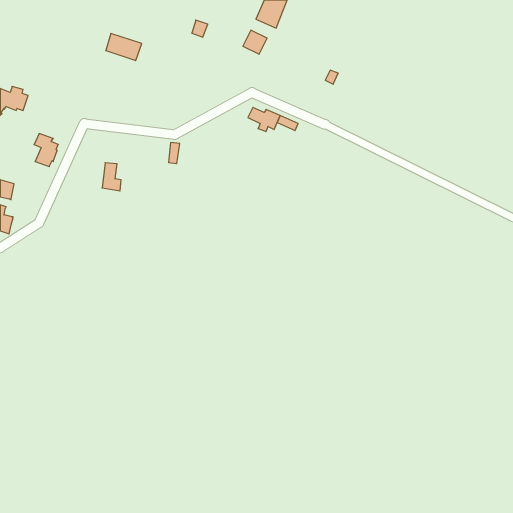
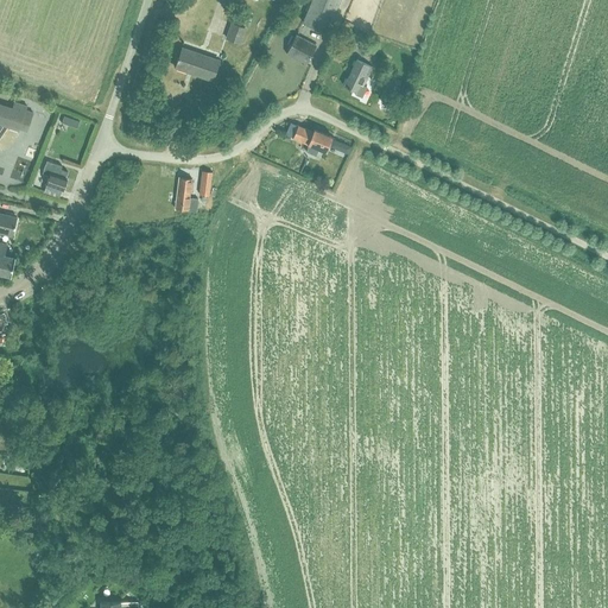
building: [106,34,142,61] -> [176,49,218,81]
building: none -> [343,59,372,97]
building: [102,163,121,191] -> [175,178,197,211]

